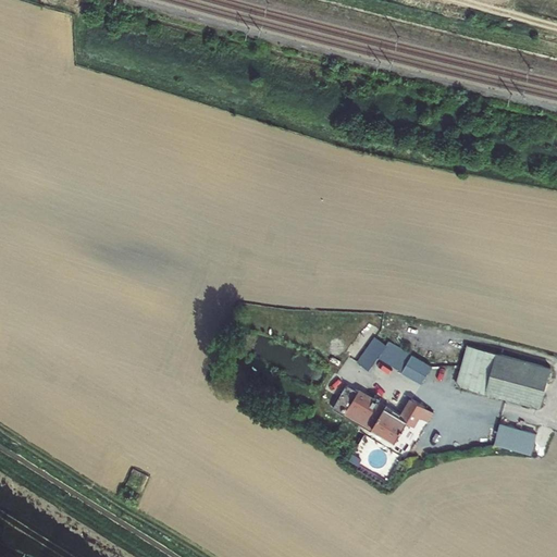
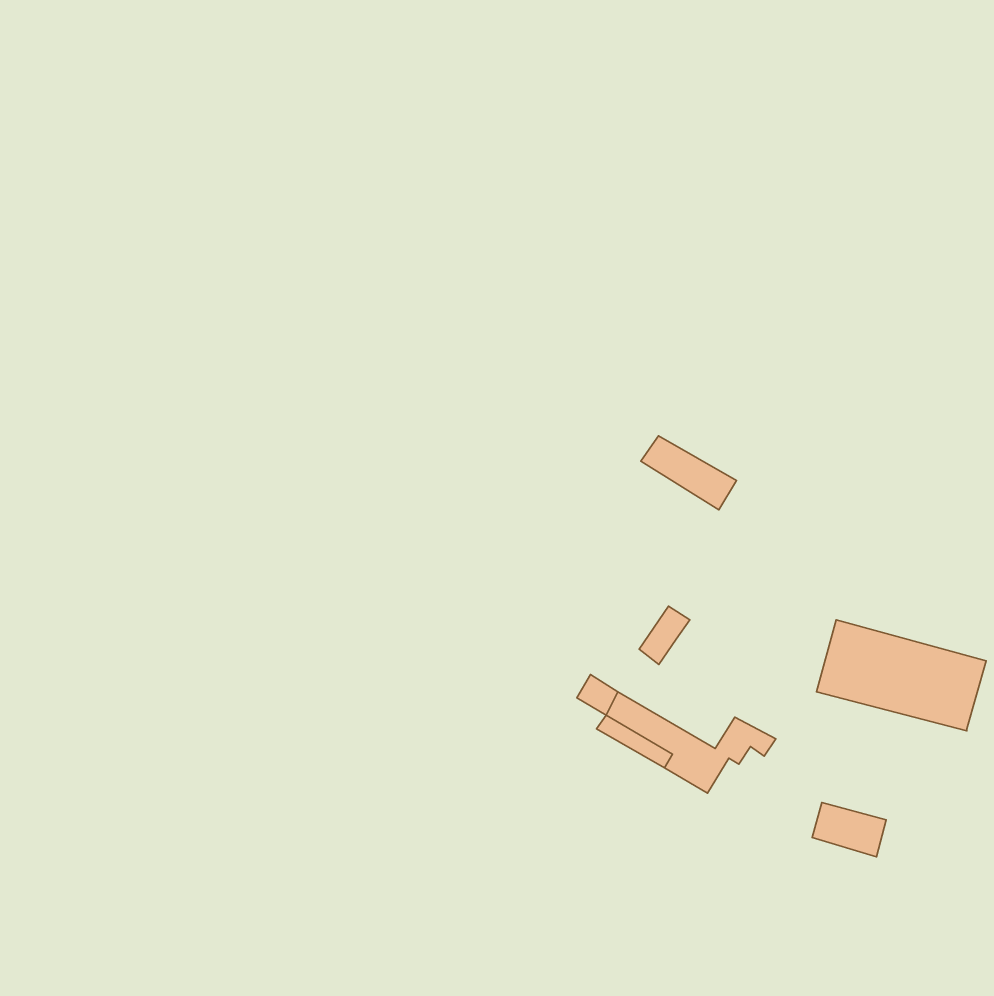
building: [377,343,431,384] -> [641,436,736,510]
building: [494,424,535,455] -> [812,802,886,857]

